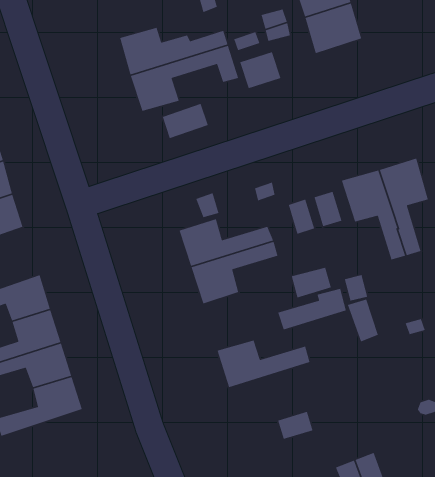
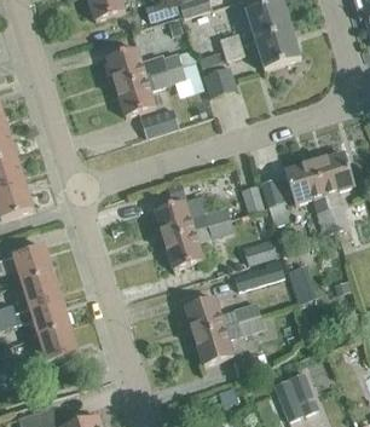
building: none -> [193,315,264,364]

